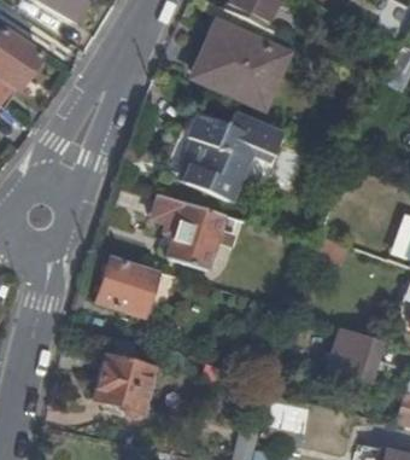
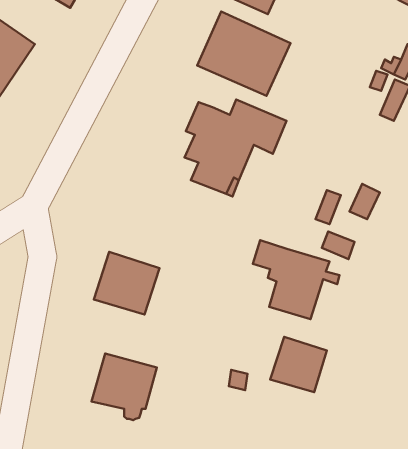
building: [153,194,236,270] -> [253,240,340,319]
building: [328,330,382,383] -> [270,337,327,392]

